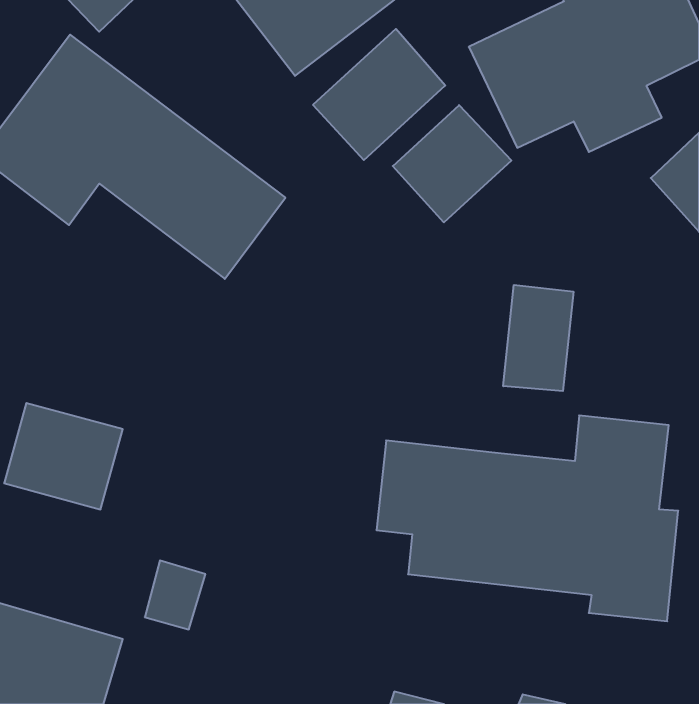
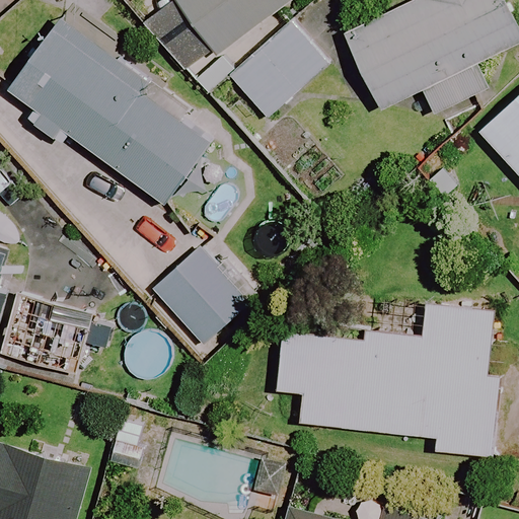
building: [393,105,511,222] -> none
building: [503,285,573,391] -> none
building: none -> [153,248,247,345]

